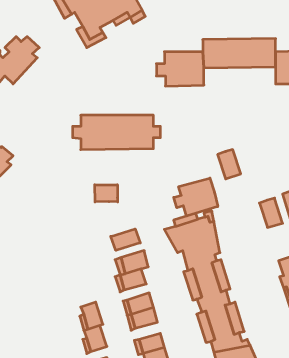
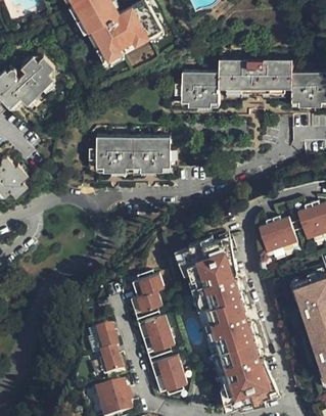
building: [218,150,241,179] -> [262,224,285,253]
building: [174,178,218,216] -> none
building: [95,185,118,202] -> none
building: [111,229,140,250] -> none

